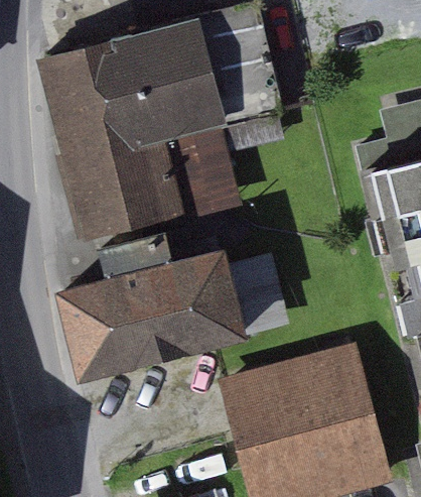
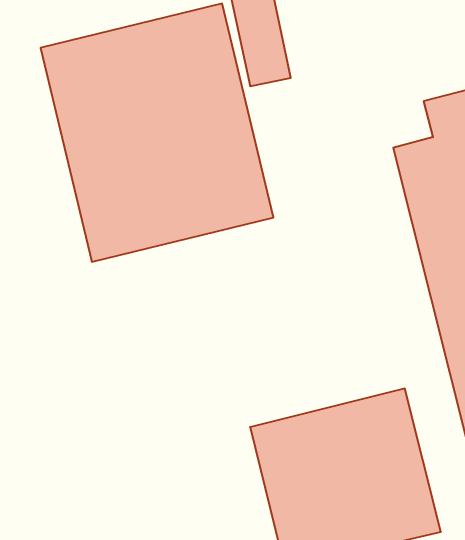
building: [65,250,253,375] -> none

